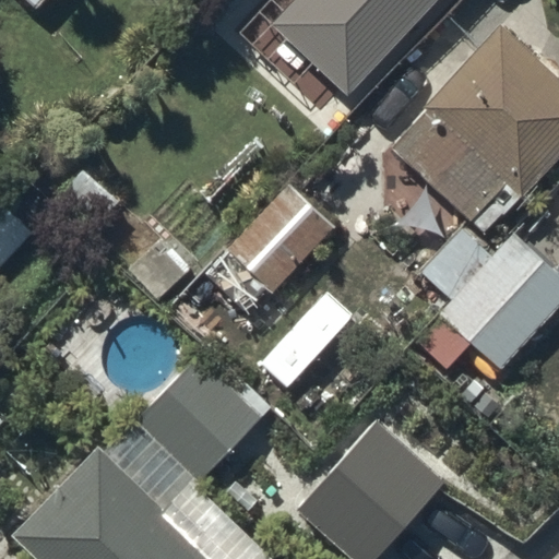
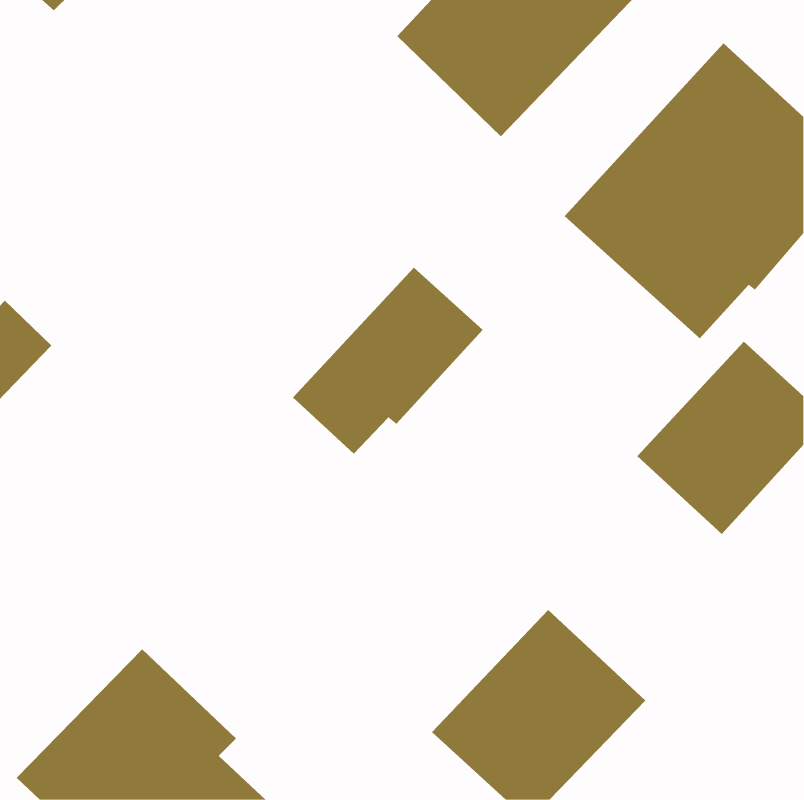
building: [135,356,261,481] -> none

